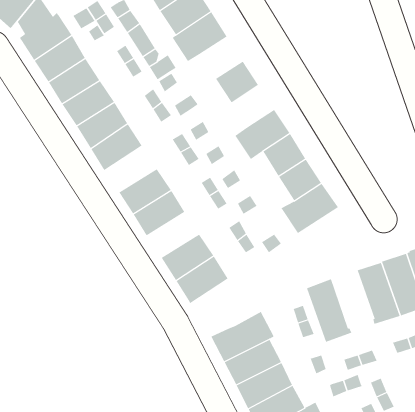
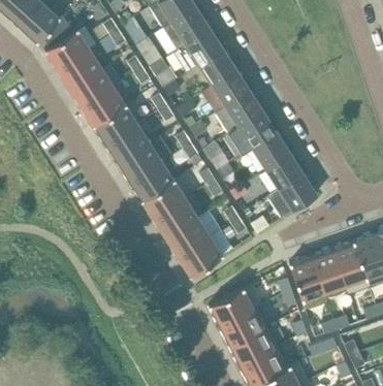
building: none -> [198,49,235,85]
building: none -> [215,90,262,133]
building: none -> [117,141,162,182]
building: none -> [153,198,198,237]
building: none -> [311,248,347,297]

